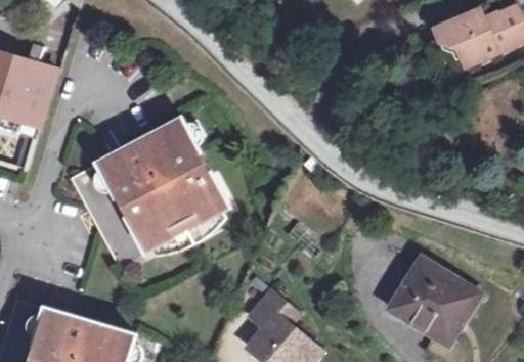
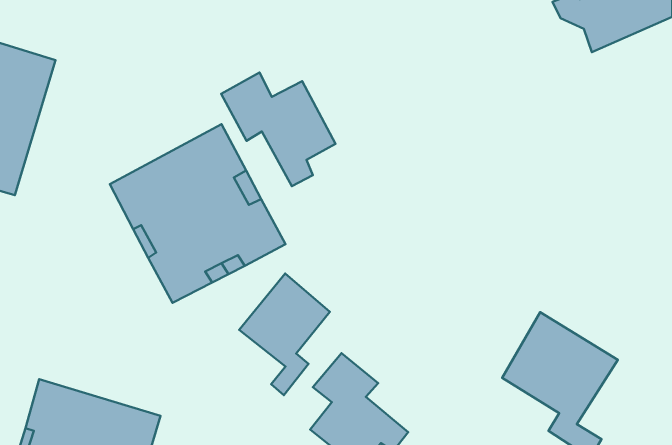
building: none -> [221,73,335,186]
building: none -> [239,274,330,395]

